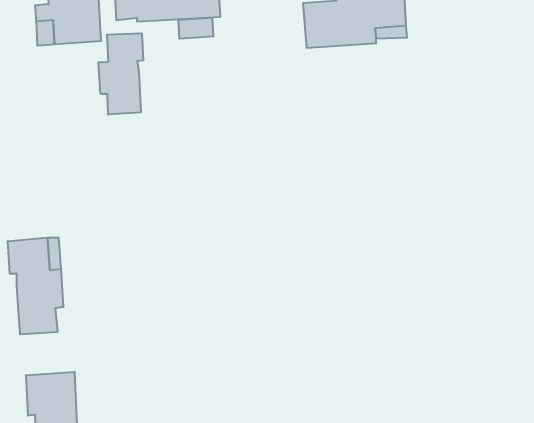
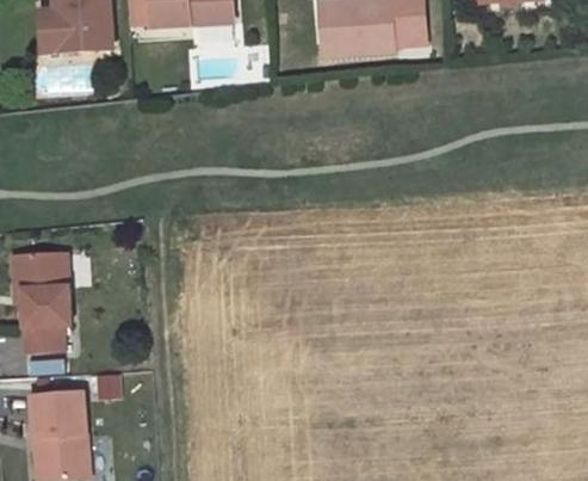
building: [99,33,143,115] -> none

